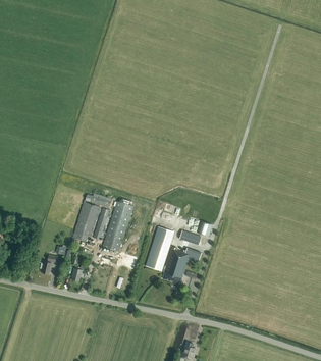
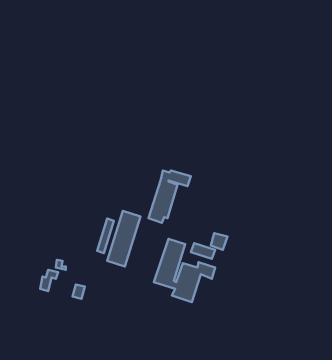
building: [73,194,112,242] -> [148,170,191,223]

